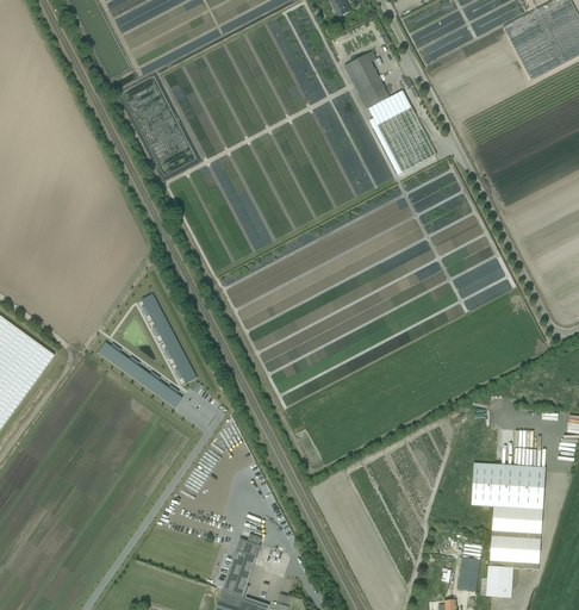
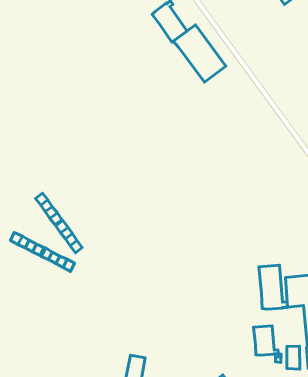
building: none -> [259,265,288,309]
building: none -> [254,326,279,355]

